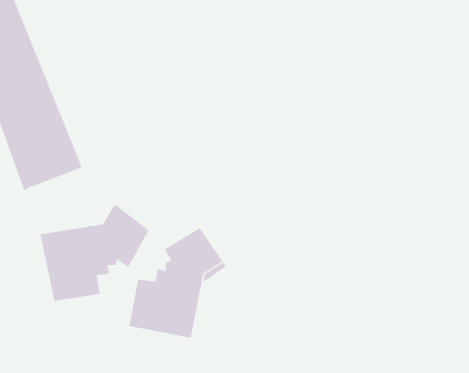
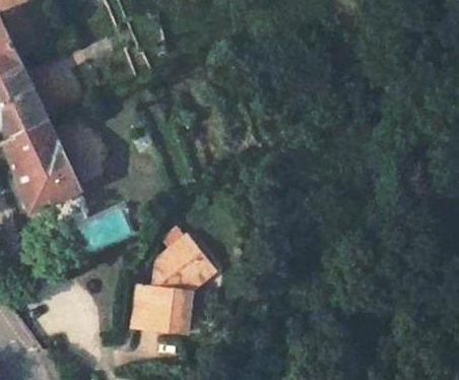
building: [40,203,149,302] -> none

